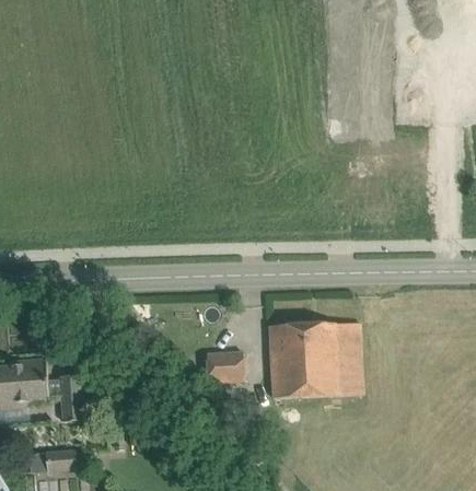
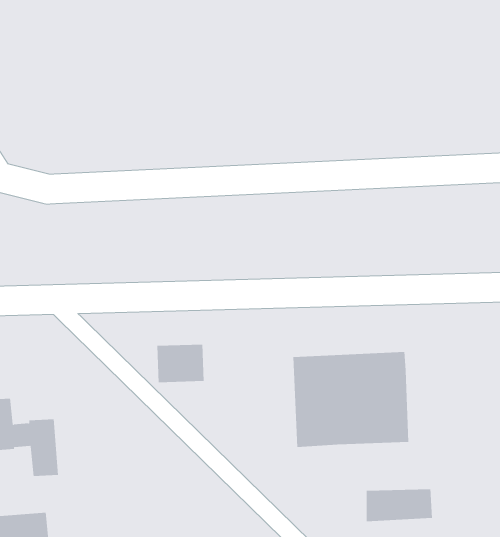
building: [205,352,243,383] -> [156,344,205,383]
building: none -> [366,488,432,522]

